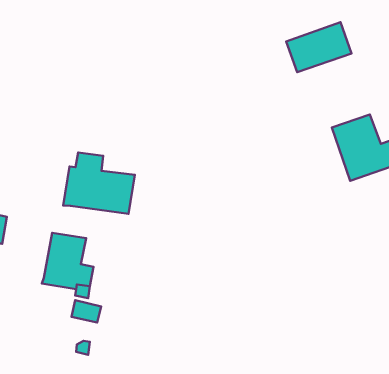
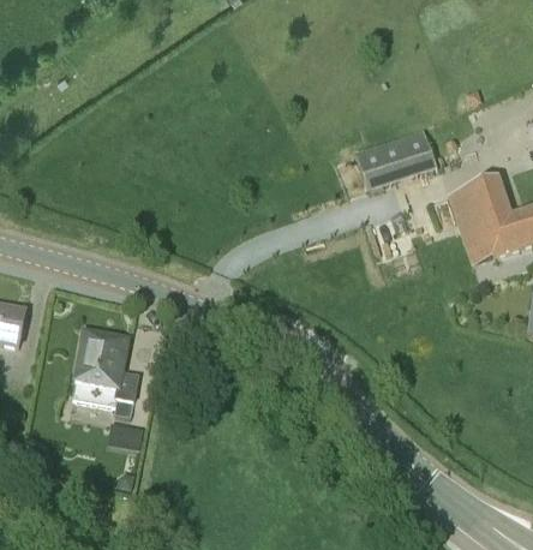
building: [286,22,352,72] -> [355,122,441,187]
building: [63,152,135,214] -> none

